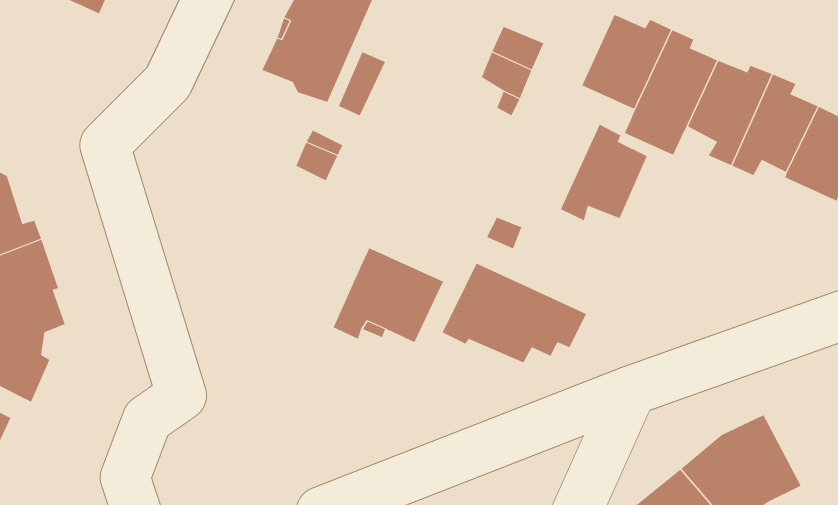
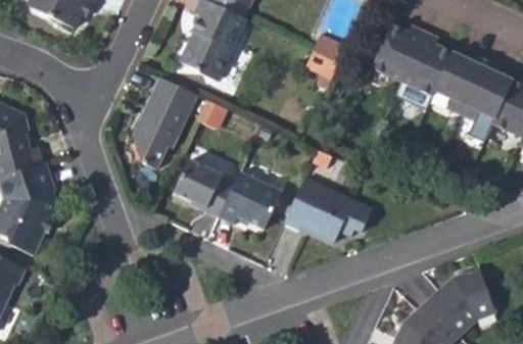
building: none -> [133,76,198,168]
building: [560,124,648,221] -> none
building: none -> [176,156,235,215]

